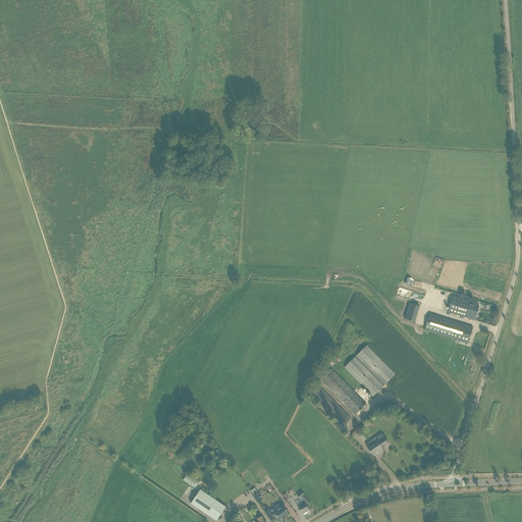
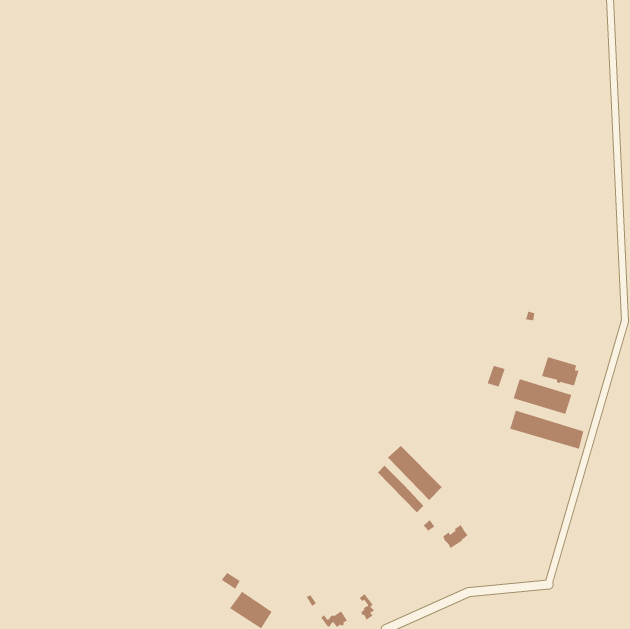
building: none -> [510,410,584,449]
building: [345,345,396,396] -> none

